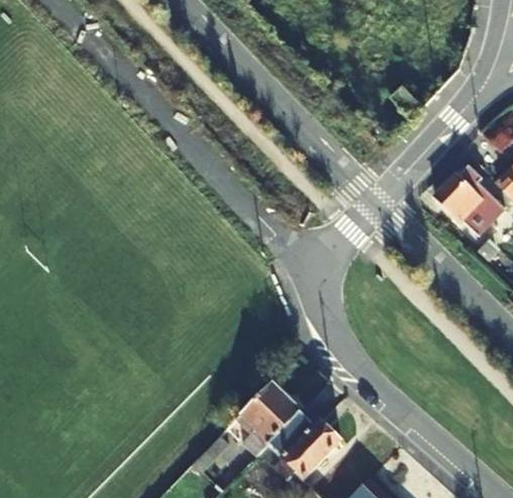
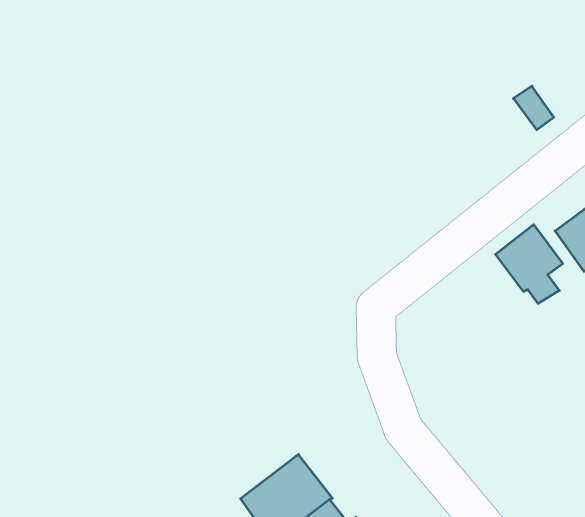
building: none -> [496,225,563,303]

